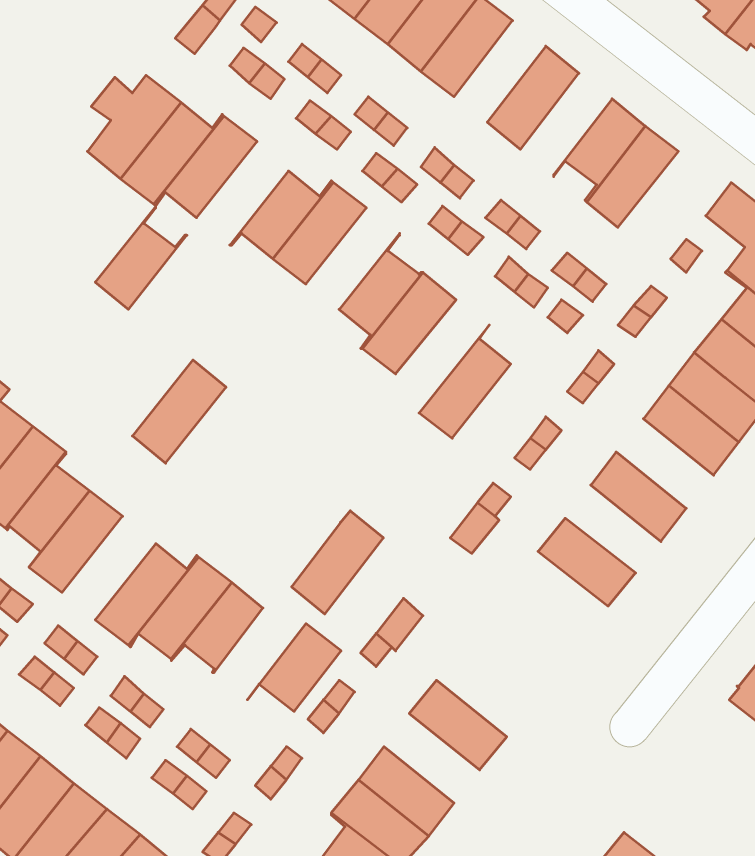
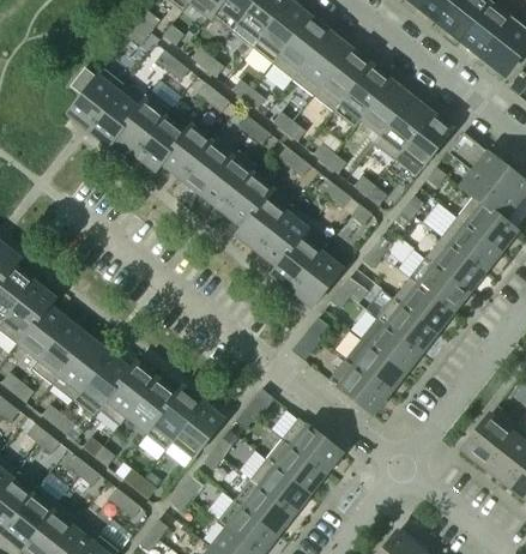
building: none -> [294,34,350,96]
building: none -> [334,66,391,128]
building: none -> [394,114,453,168]
building: [95,206,187,309] -> [135,108,192,171]
building: none -> [202,149,260,211]
building: none -> [258,205,315,275]
building: [132,360,226,463] -> [53,338,110,402]
building: none -> [292,245,343,307]
building: none -> [393,278,453,333]
building: none -> [362,319,421,373]
building: [292,511,383,614] -> [146,387,202,451]
building: none -> [328,360,388,415]
building: none -> [283,418,343,474]
building: none -> [250,459,309,514]

